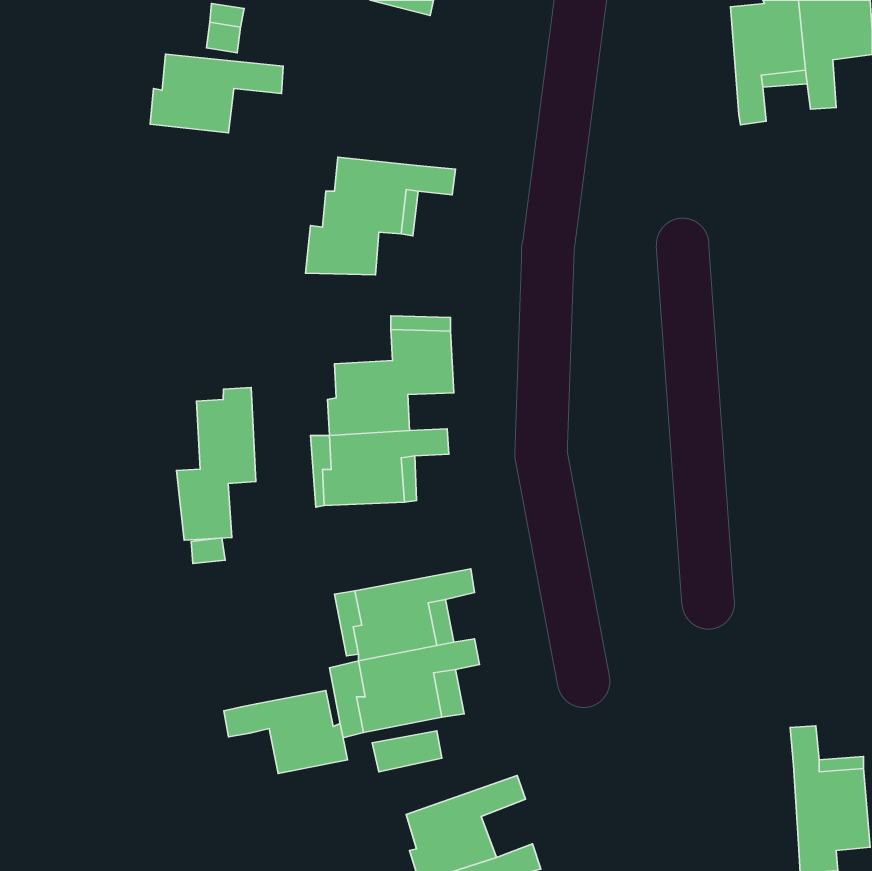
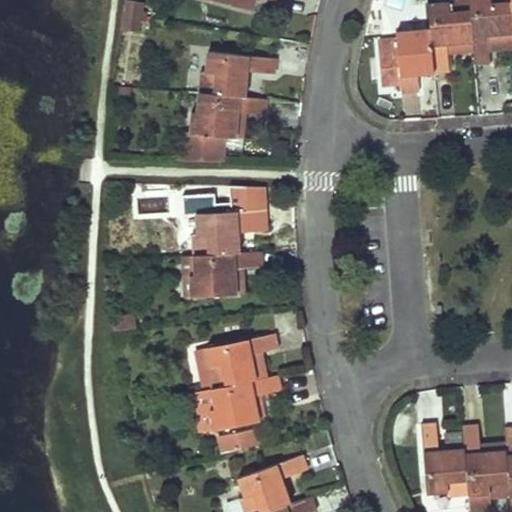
building: none -> [379,30,433,93]
building: [150,54,283,133] -> [198,52,276,98]
building: [176,387,256,540] -> none
building: [224,690,347,773] -> none
building: none -> [422,423,468,497]

